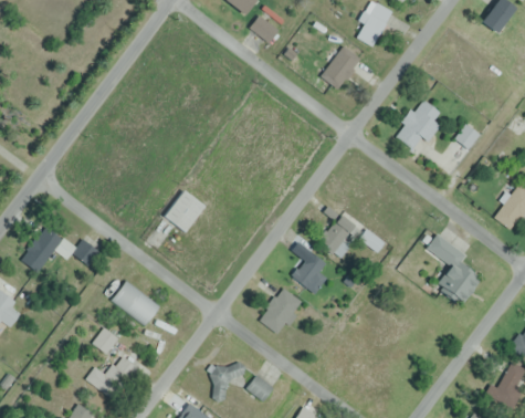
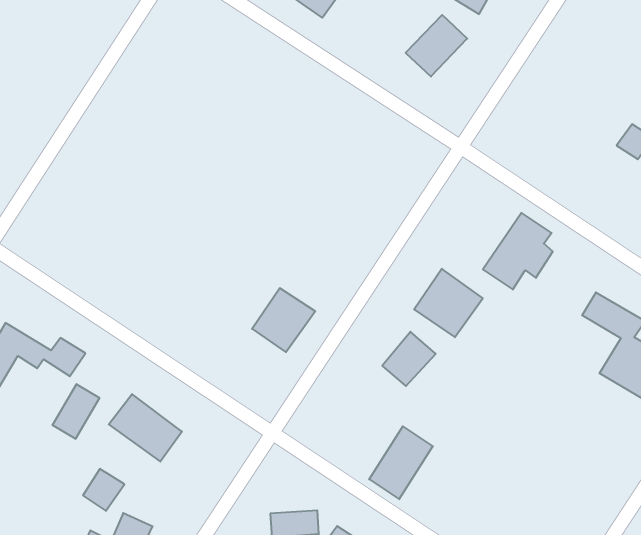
building: [395,100,441,149] -> [483,213,553,290]
building: [162,190,204,232] -> [252,288,315,352]
building: none -> [52,384,99,439]
building: [259,285,302,333] -> [369,426,433,499]

